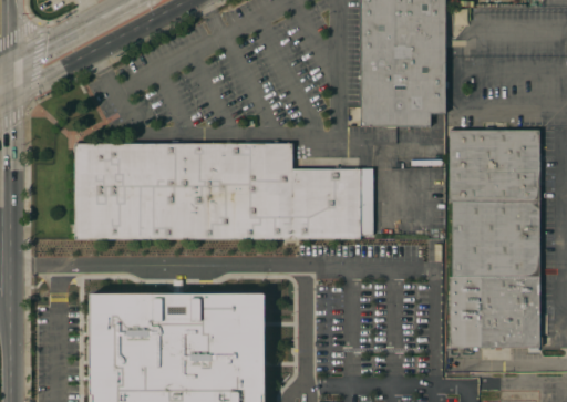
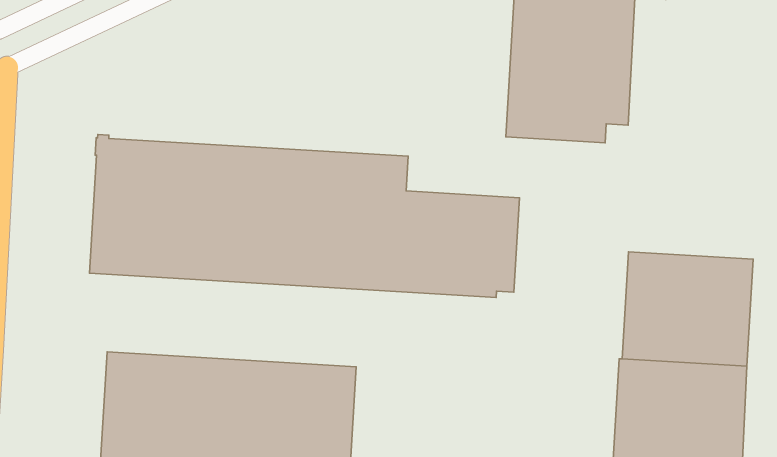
building: [450,130,539,202] -> none

